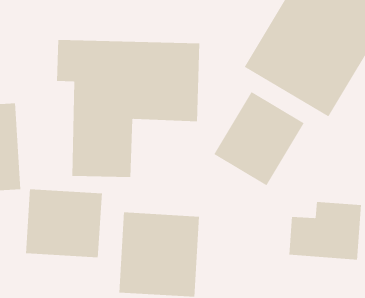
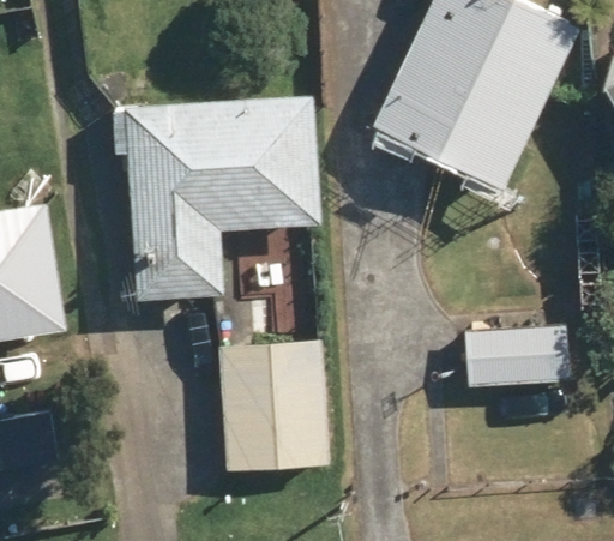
building: [214,91,304,186] -> none
building: [25,189,102,258] -> none

